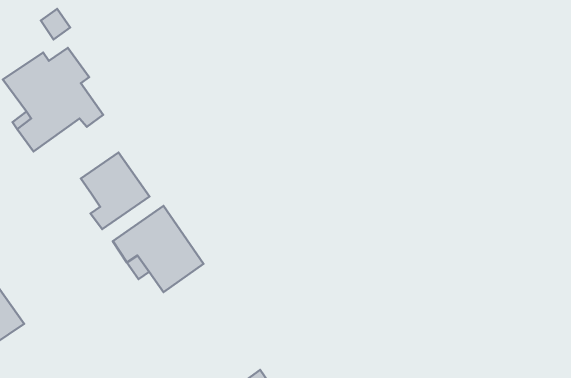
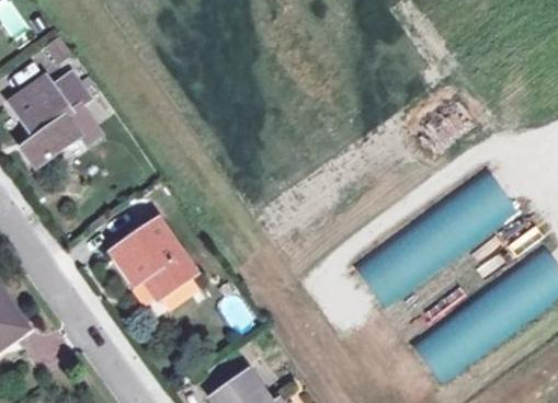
building: [81,153,149,229] -> none

